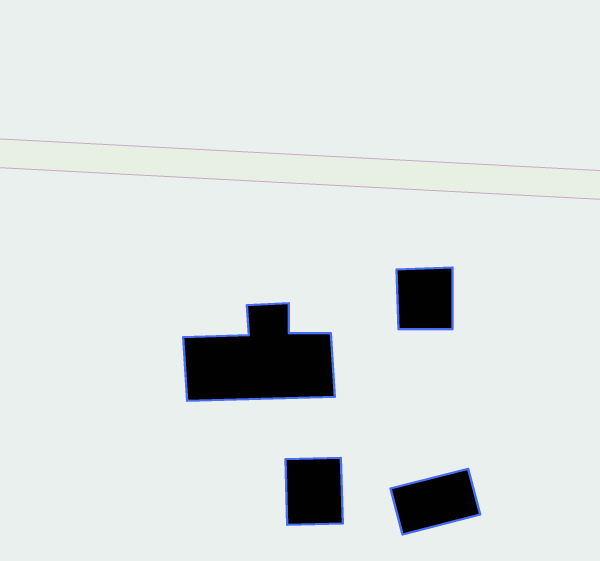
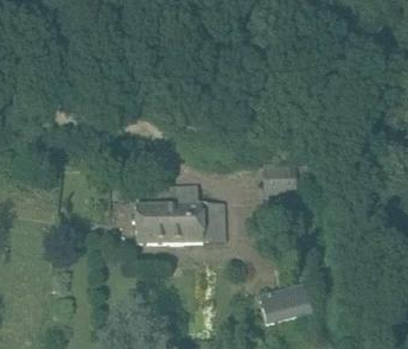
building: [285,458,343,525] -> none

